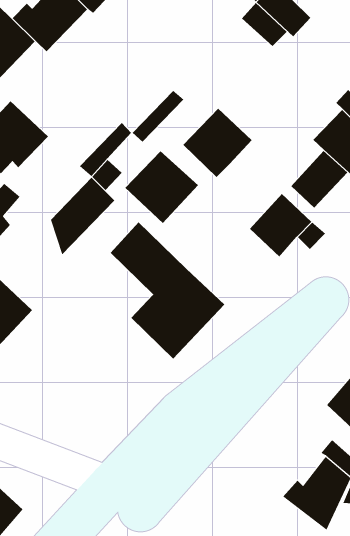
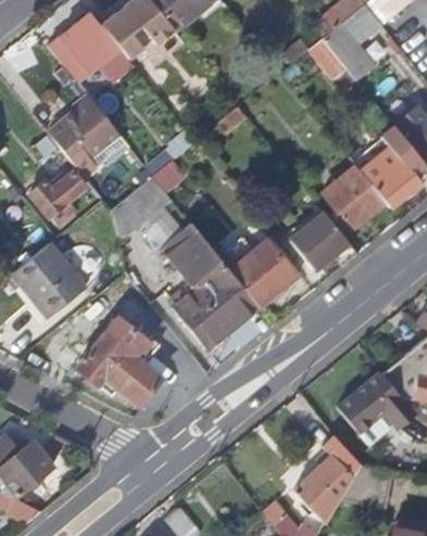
building: [183,108,252,178] -> none
building: [124,150,199,224] -> [229,240,297,306]
building: none -> [78,318,163,405]

